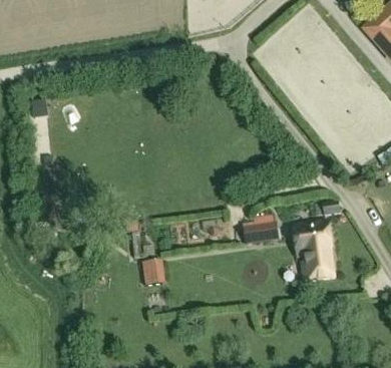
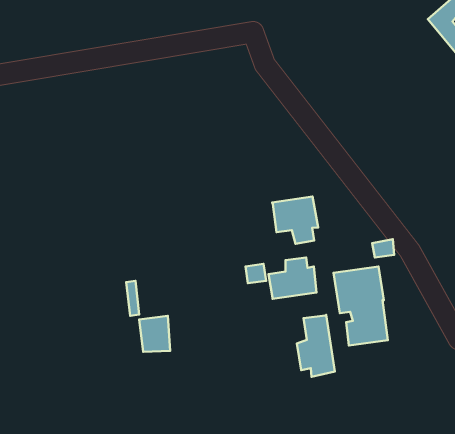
building: none -> [272,197,318,244]
building: none -> [297,315,335,377]

